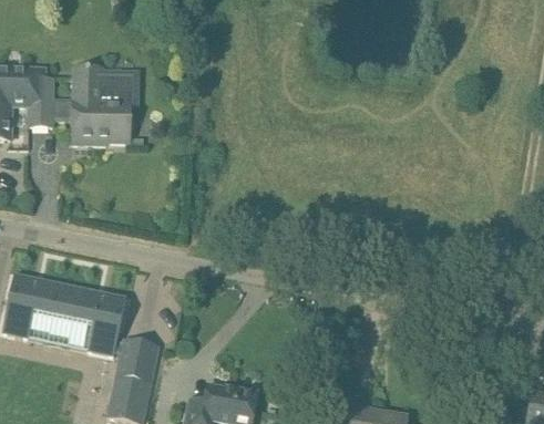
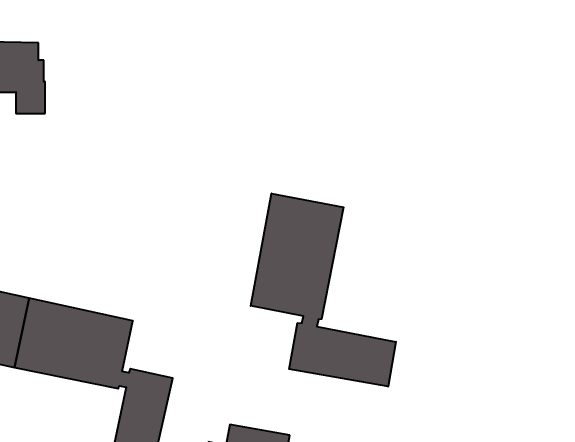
building: [52,65,138,143] -> none
building: none -> [251,193,396,387]

